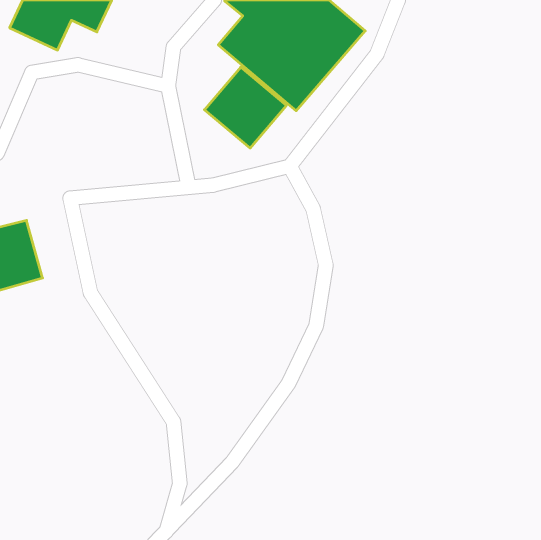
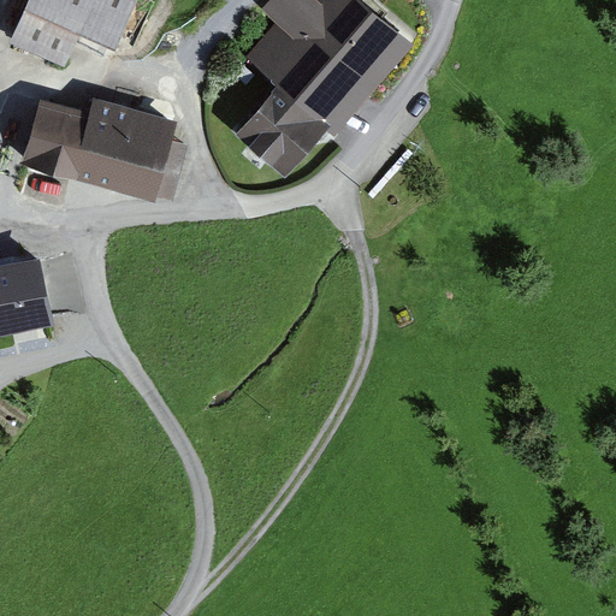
building: none -> [19,96,191,206]

